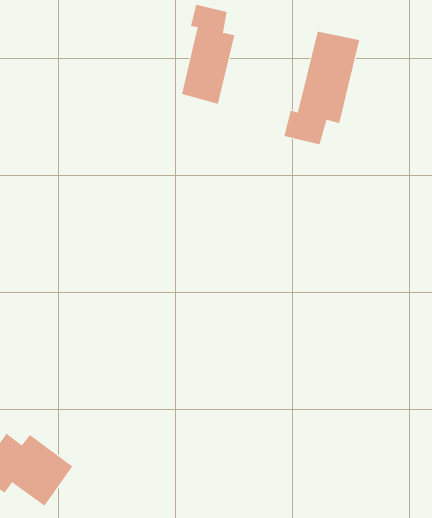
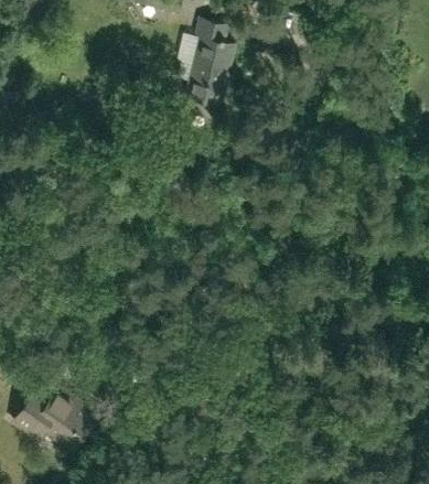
building: [284,31,360,145] -> none

